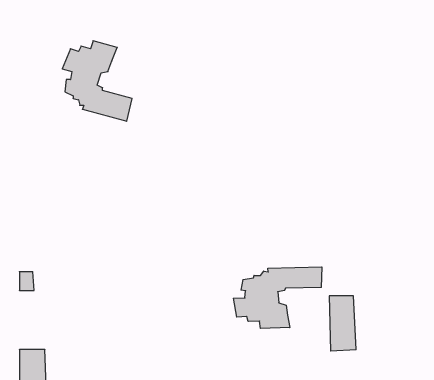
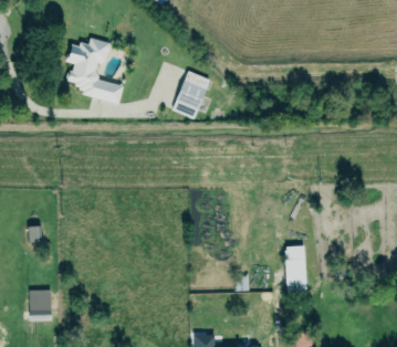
building: none -> [171,71,210,119]
building: [233,267,322,328] -> none

